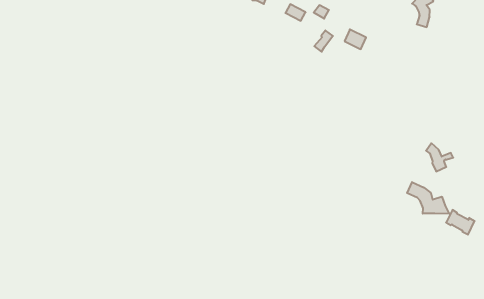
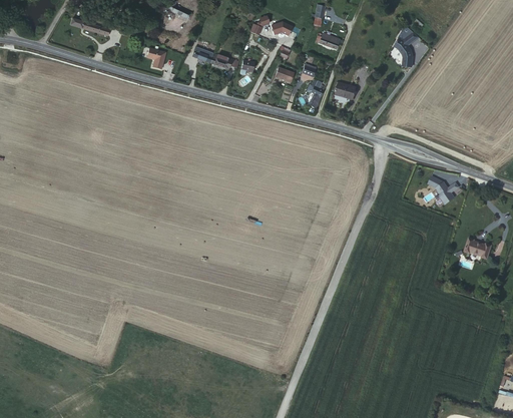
building: [407,182,449,214] -> none

